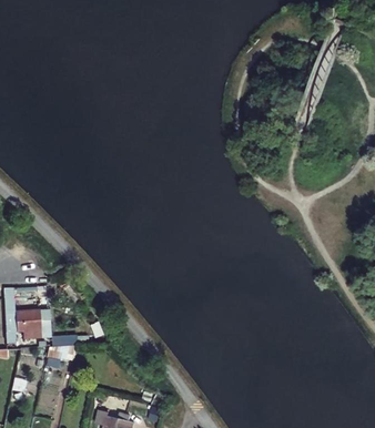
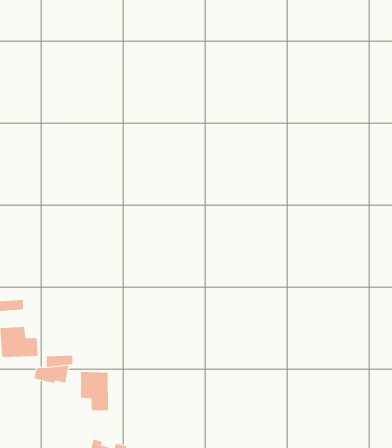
building: none -> [81,371,109,411]

